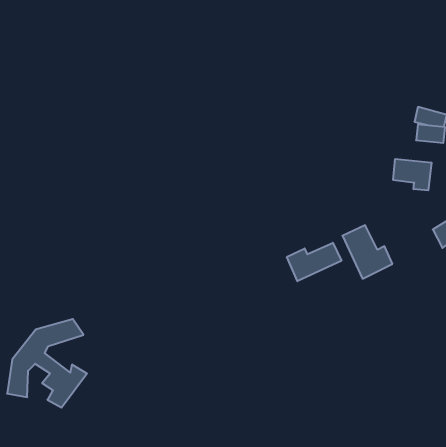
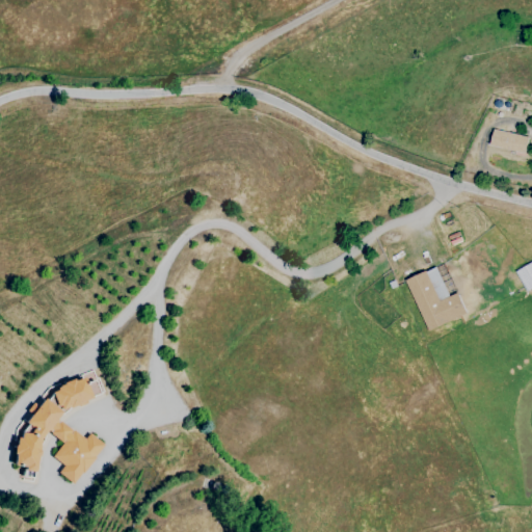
building: [393,159,432,190] -> none
building: [287,243,341,281] -> none

